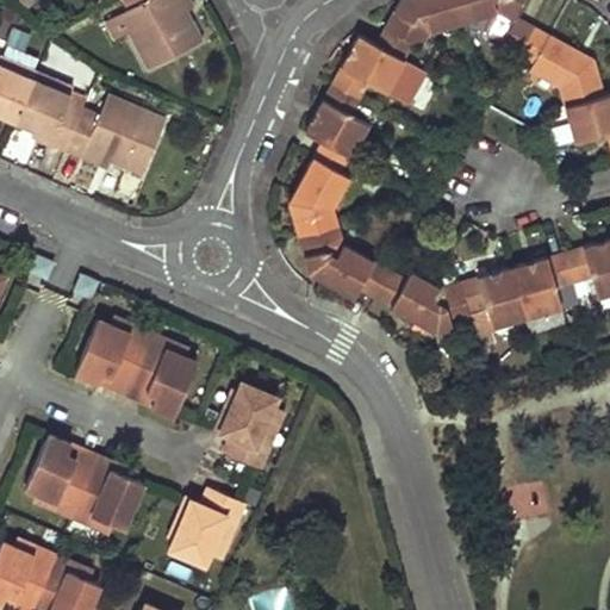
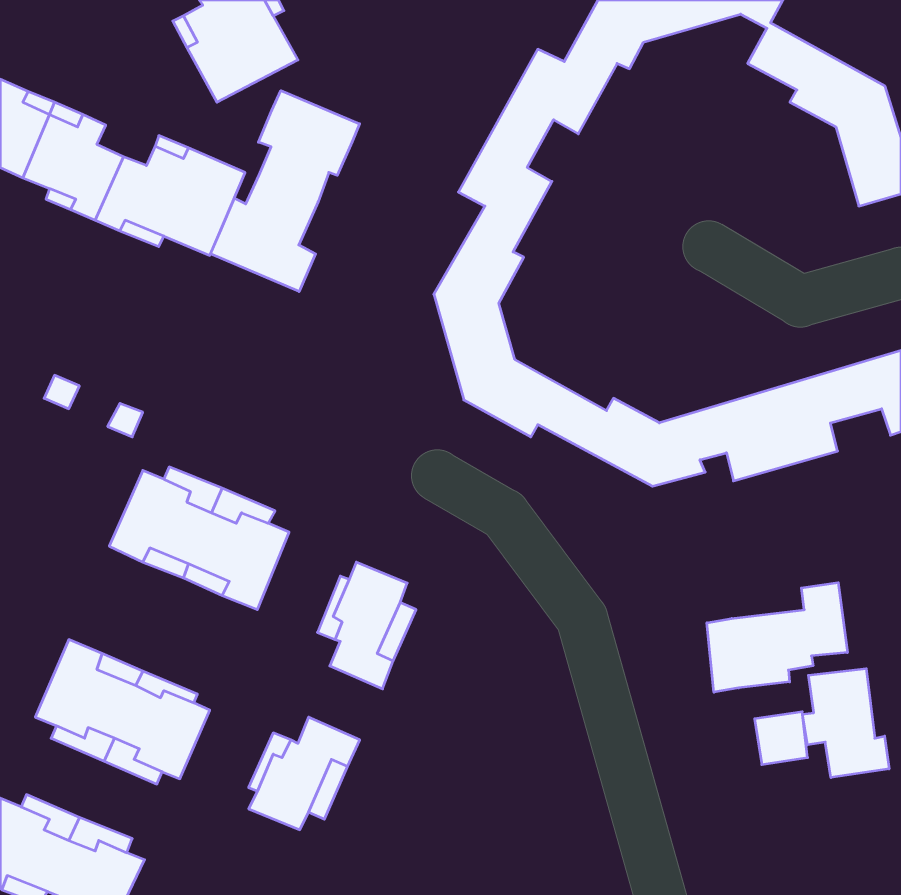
building: none -> [211,91,360,292]
building: none -> [707,583,847,692]
building: none -> [803,669,889,778]

